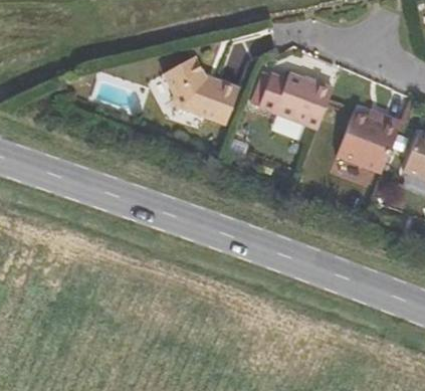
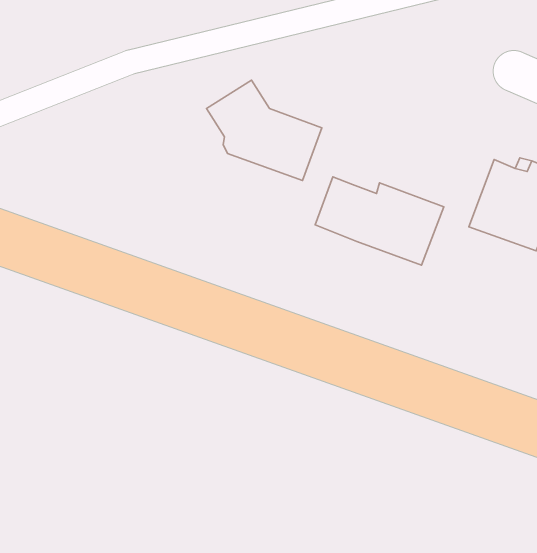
building: [246,69,333,129] -> [315,177,444,265]

